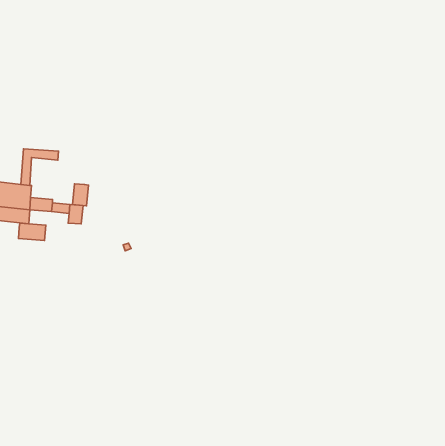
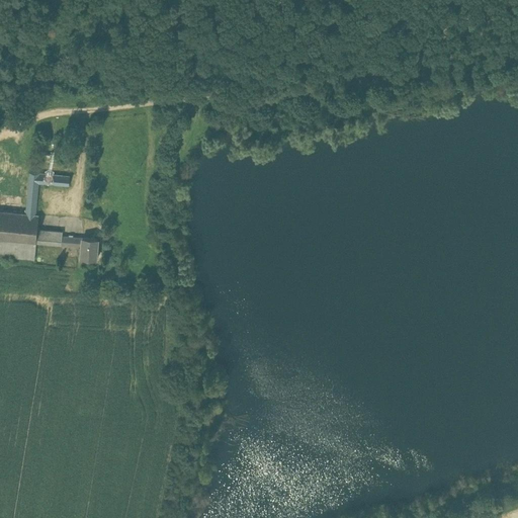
building: [73,184,88,206] -> none
building: [18,223,46,240] -> none

